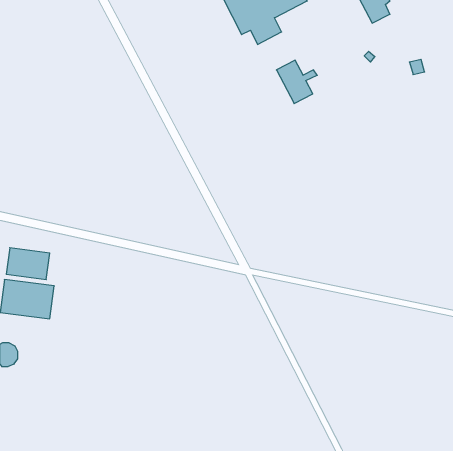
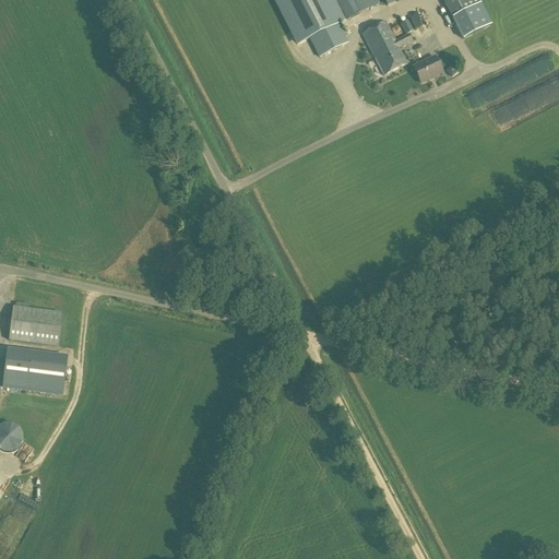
building: none -> [412,55,441,81]
building: [276,60,317,104] -> [361,20,412,73]

